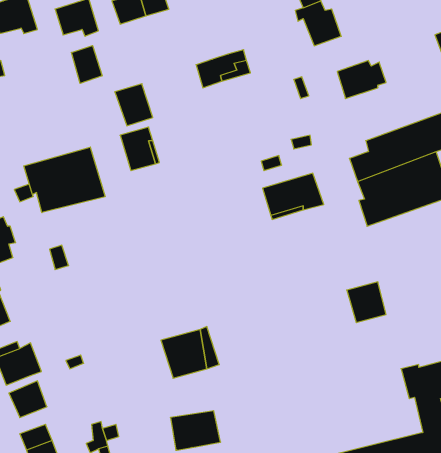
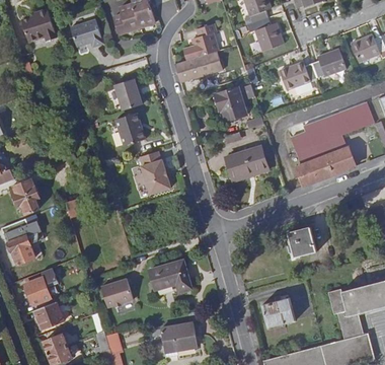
building: none -> [184,24,219,61]
building: none -> [312,50,346,78]
building: [71,46,102,83] -> none
building: none -> [215,87,246,122]
building: [24,147,105,213] -> none
building: none -> [140,151,170,194]
building: none -> [100,277,133,306]
building: none -> [262,298,296,326]

